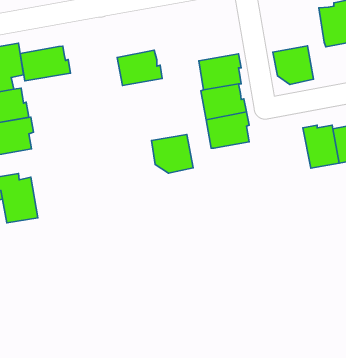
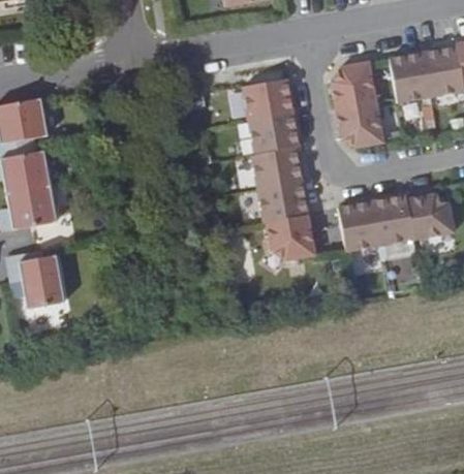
building: none -> [332,61,377,108]
building: [20,46,71,81] -> none
building: [117,50,162,86] -> [244,77,297,119]
building: none -> [339,197,381,250]
building: [152,134,193,173] -> [268,214,316,259]

